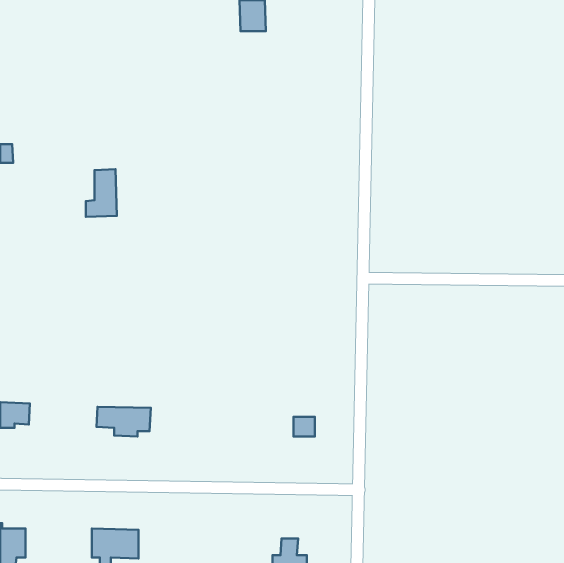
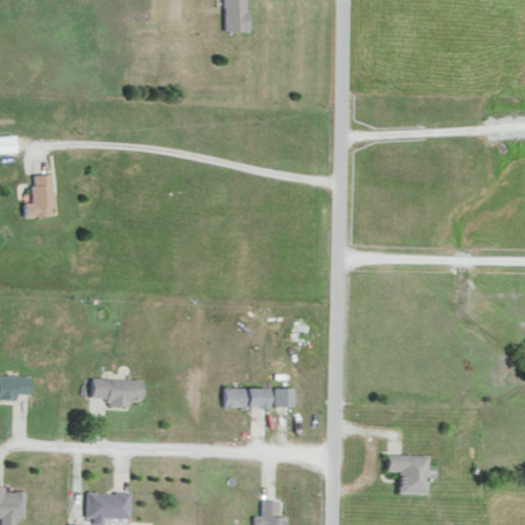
building: [86,169,117,217] -> [24,174,52,218]
building: none -> [224,388,267,408]
building: none -> [386,455,428,494]

